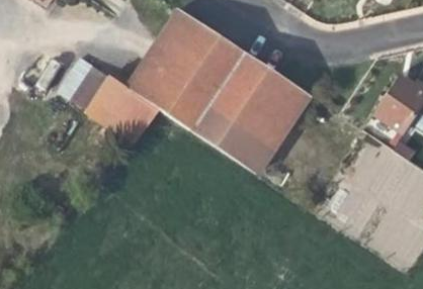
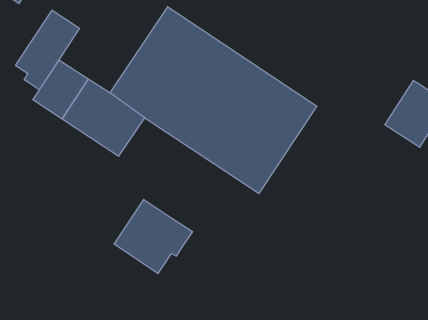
building: none -> [16,10,79,90]
building: none -> [114,199,193,274]

